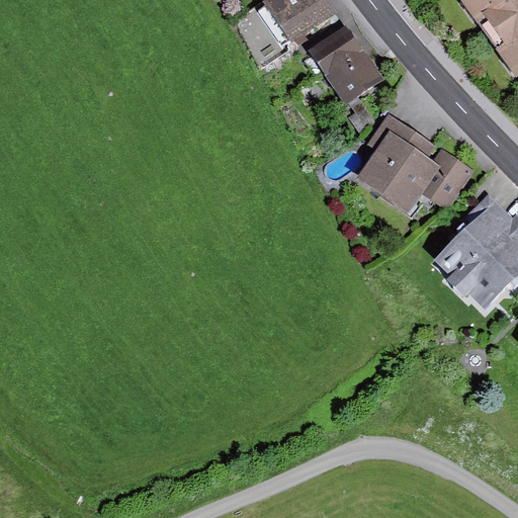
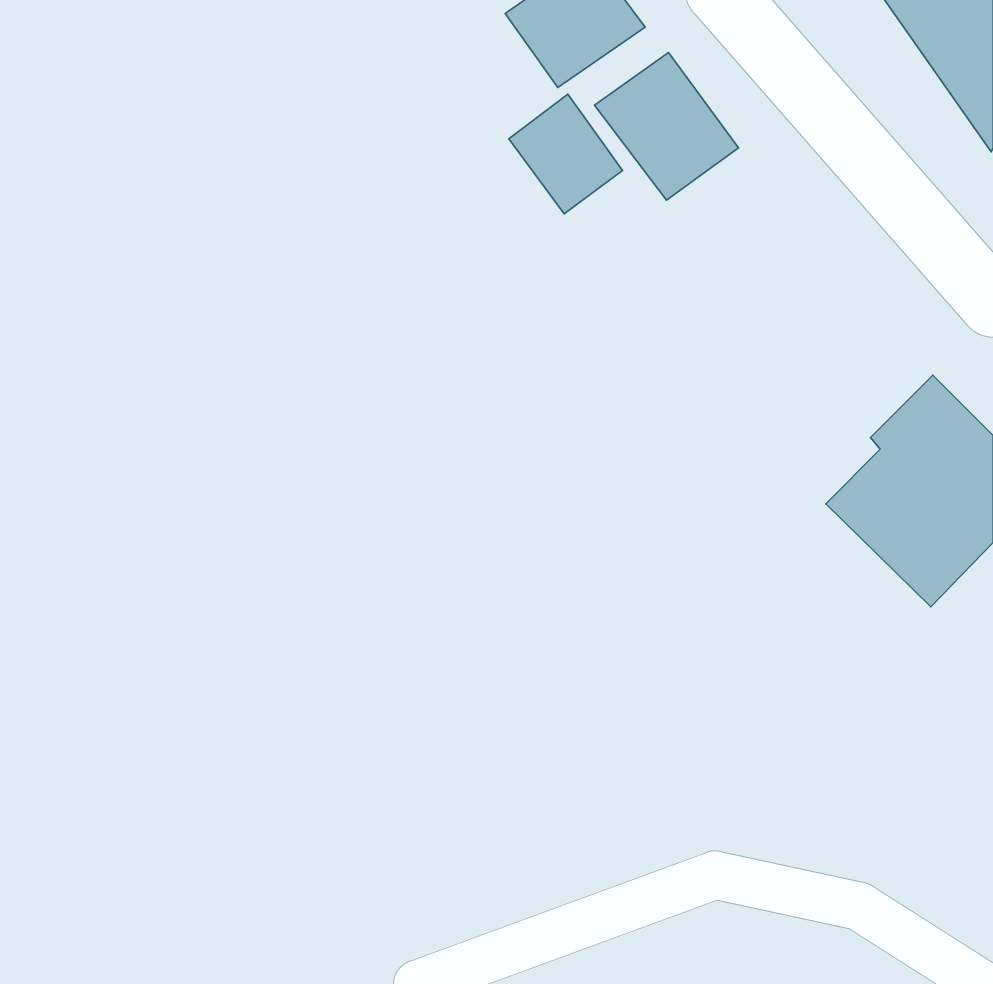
building: none -> [509,94,622,214]
building: [357,111,472,213] -> none

